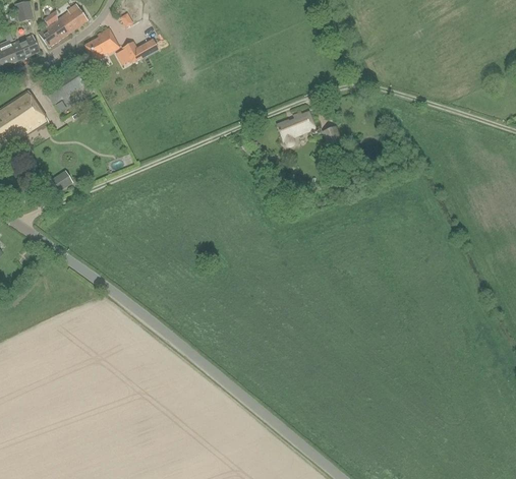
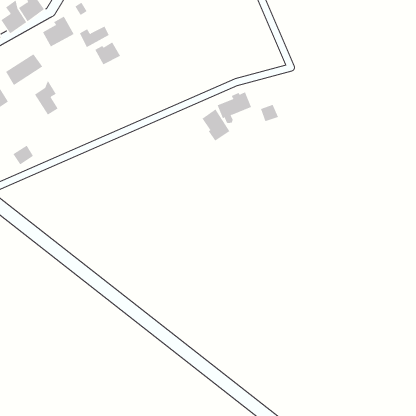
building: none -> [95,42,121,65]
building: none -> [34,80,59,116]
building: none -> [202,109,230,142]

